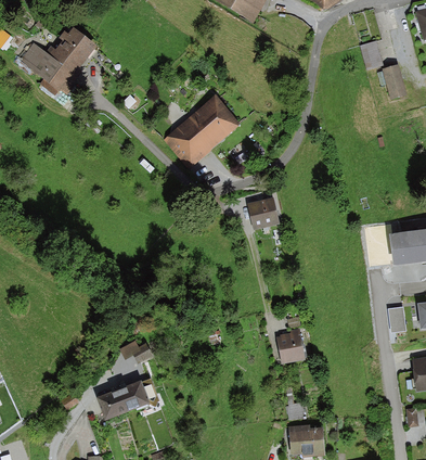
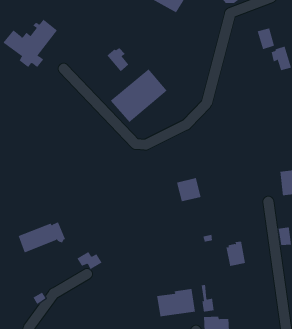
building: none -> [106,47,129,72]
building: [247,196,281,229] -> [176,178,201,202]
building: [277,329,305,362] -> [226,241,246,266]
building: [96,376,160,419] -> [18,221,66,253]
building: none -> [157,288,195,317]

